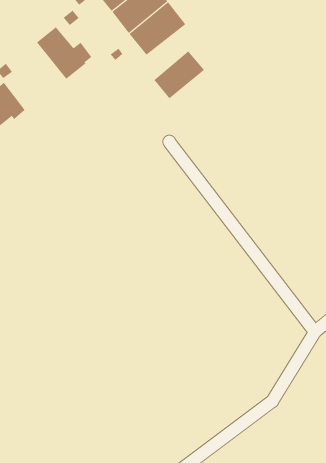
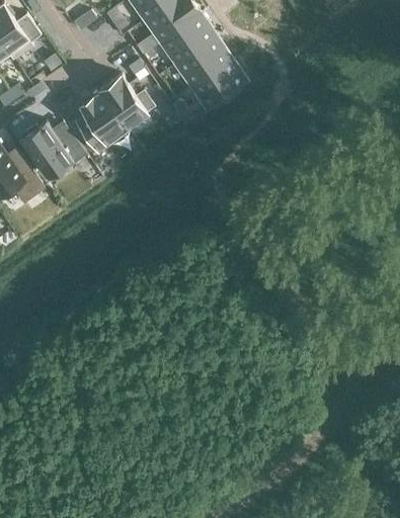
building: none -> [77,88,130,151]
building: [154,50,205,99] -> none

